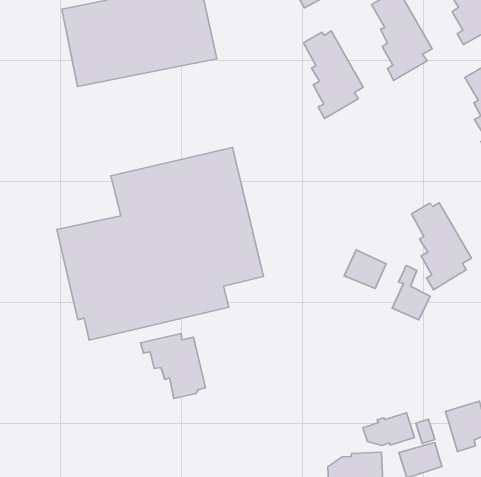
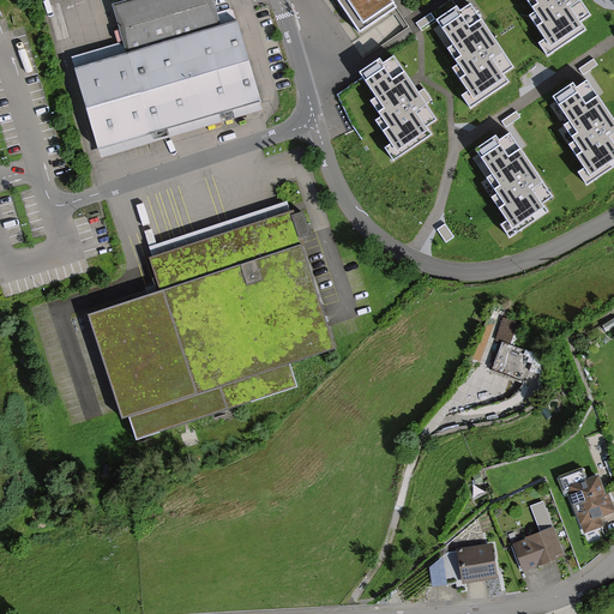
building: [412,203,471,290] -> [474,131,548,233]
building: [344,250,386,289] -> none
building: [140,334,205,399] -> none
building: [363,413,414,445] -> none

